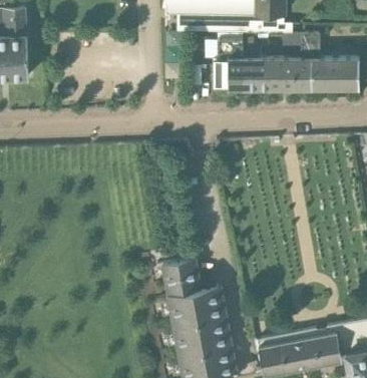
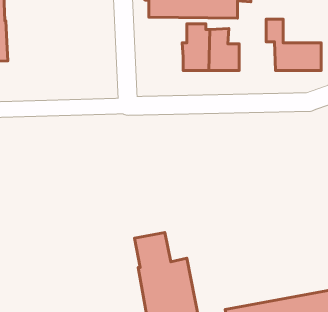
building: [273,33,311,87] -> none

